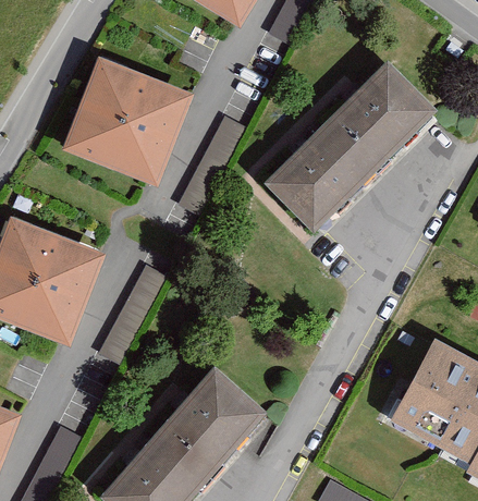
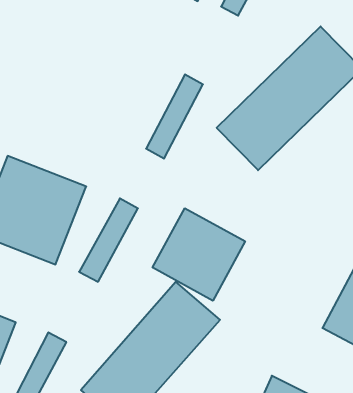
building: [62,57,194,185] -> none
building: none -> [153,208,245,301]

